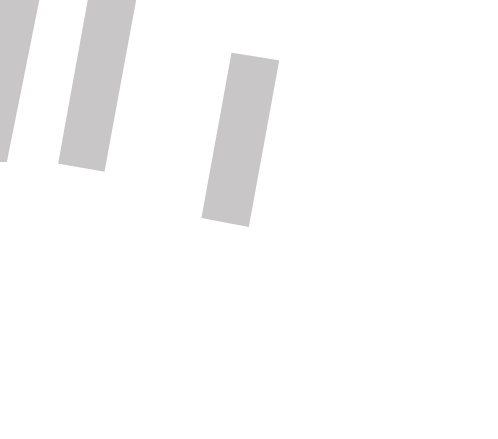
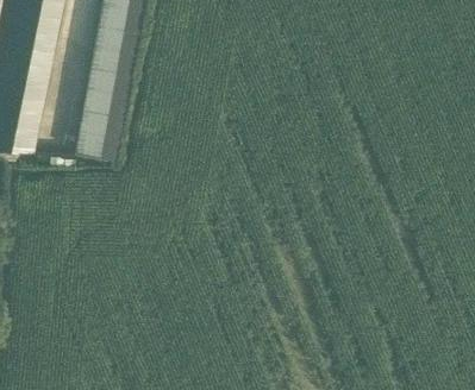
building: [201,52,280,228] -> none

